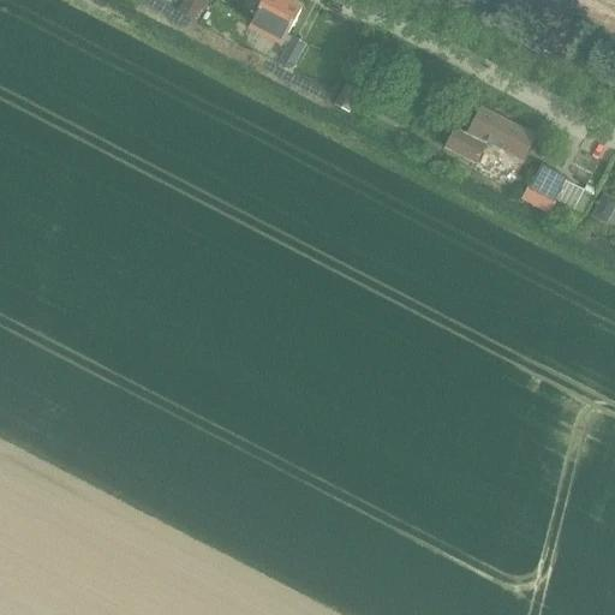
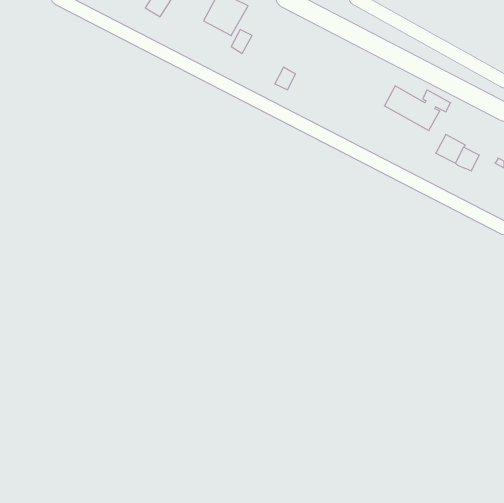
building: [443,126,486,163] -> none

